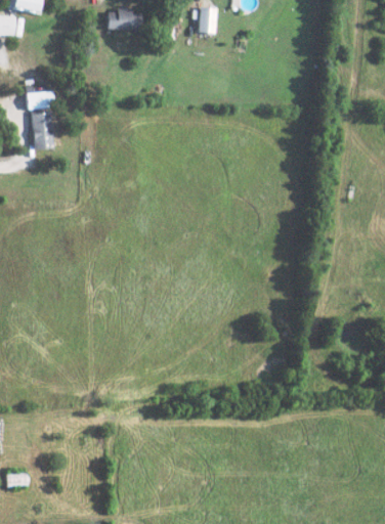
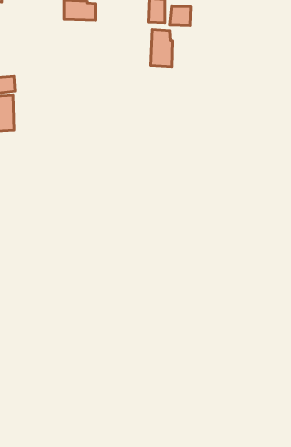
building: none -> [170,6,191,25]
building: none -> [151,30,172,67]

